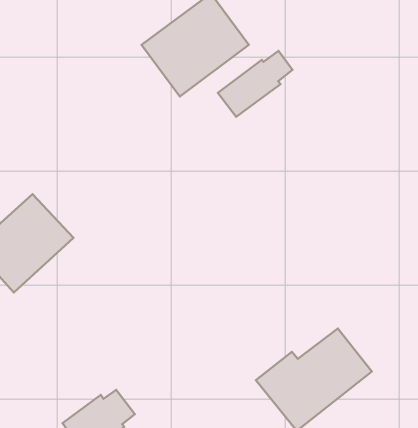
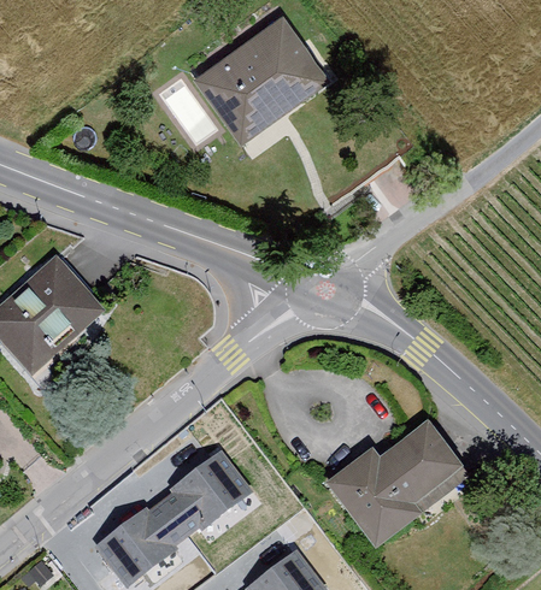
building: [218,51,292,117] -> none
building: none -> [160,453,245,532]

